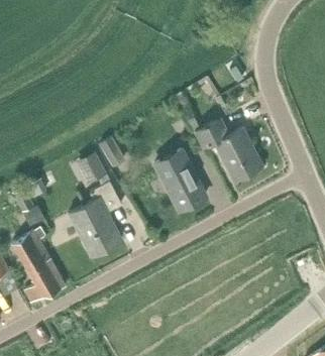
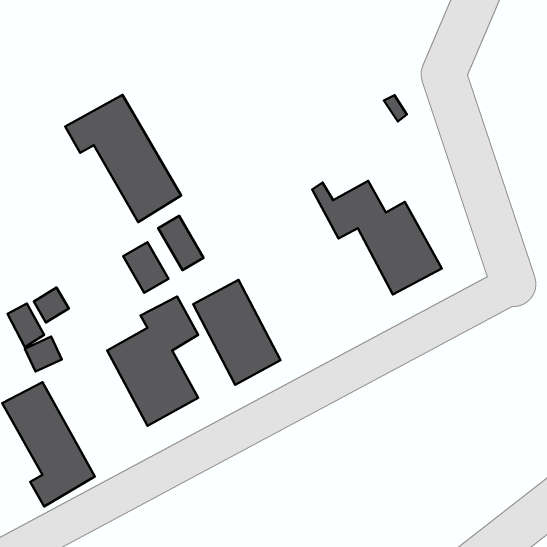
building: none -> [65,95,181,222]
building: [155,149,206,210] -> [193,280,281,385]

